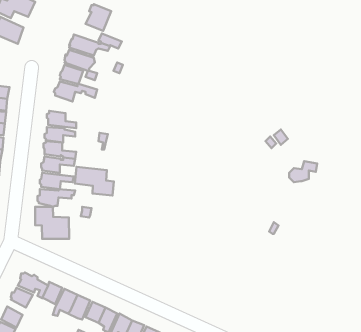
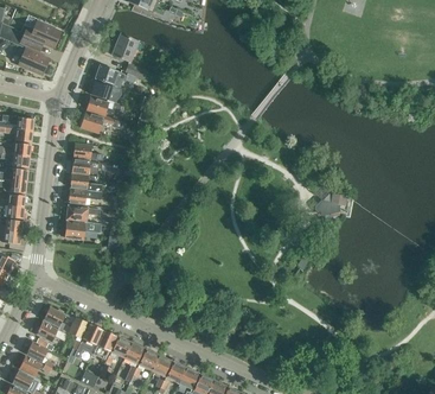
building: [75,167,114,195] -> none
building: [35,207,69,239] -> none

